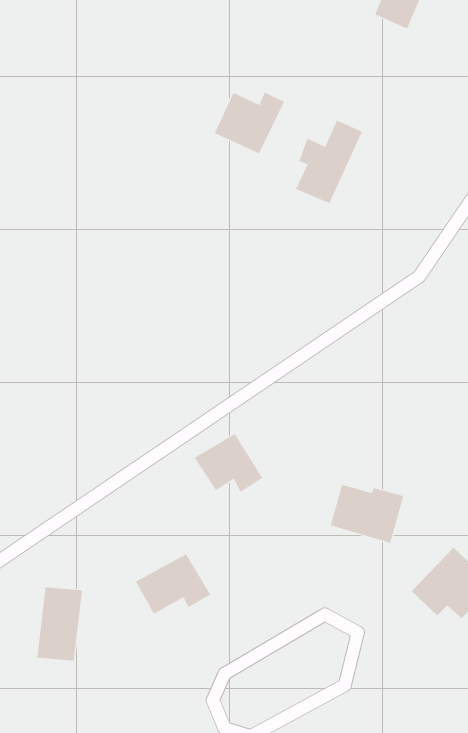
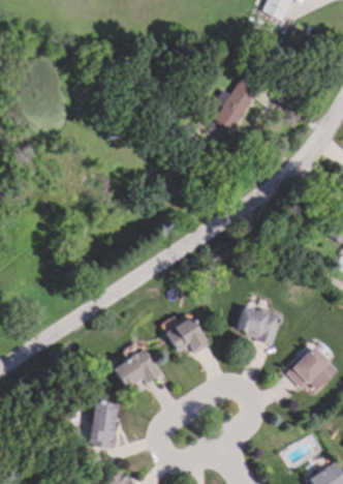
building: [214,92,285,154] -> none
building: [194,433,263,493] -> [166,316,210,354]
building: [37,587,83,661] -> [89,401,118,448]

